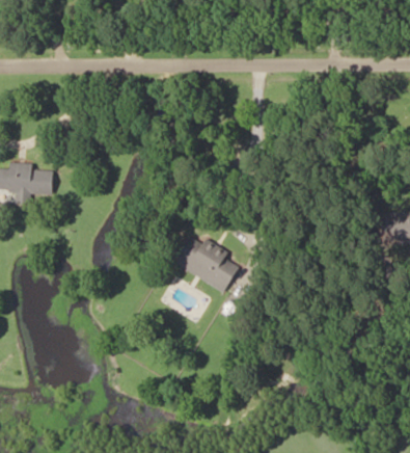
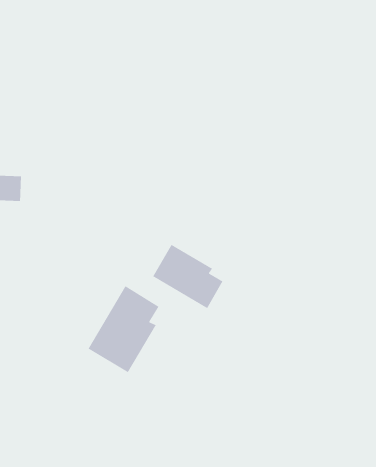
building: none -> [87,285,160,373]

